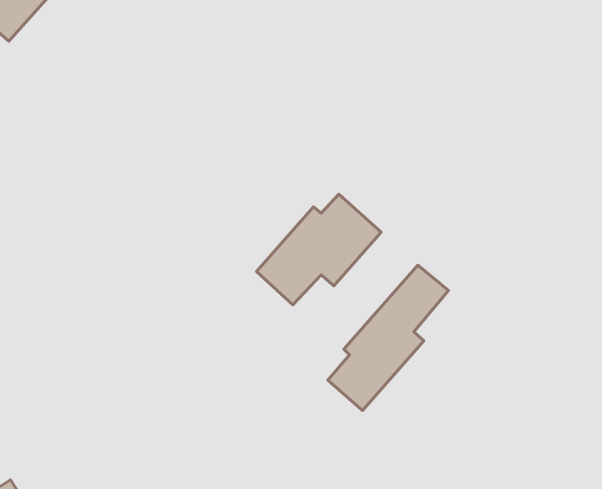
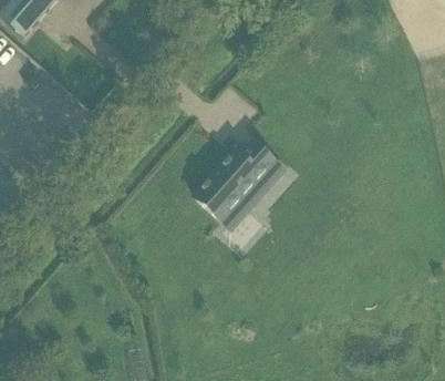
building: [328,265,448,410] -> none

